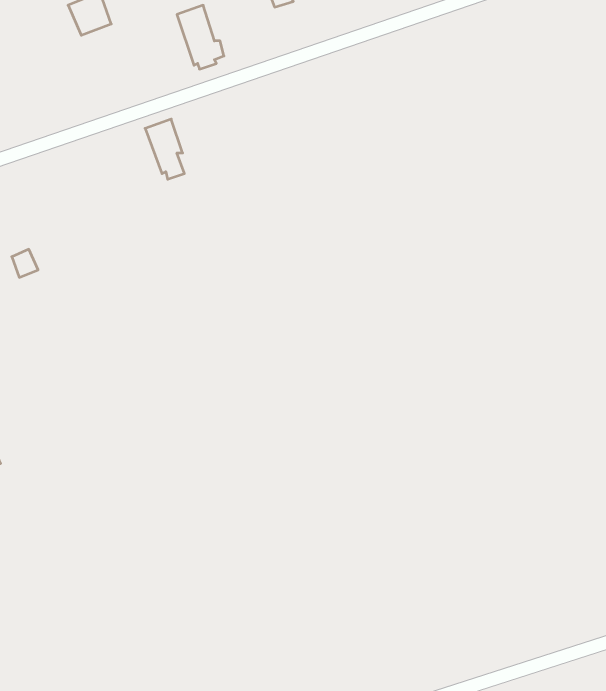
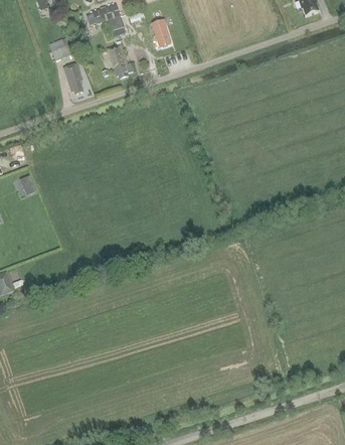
building: [145,119,184,179] -> [63,62,84,95]

